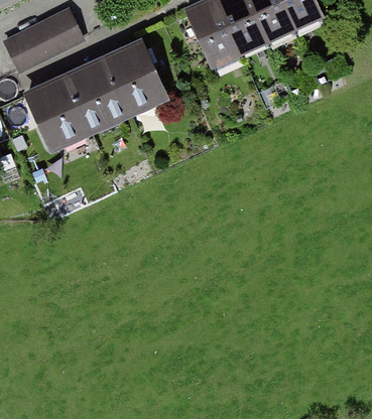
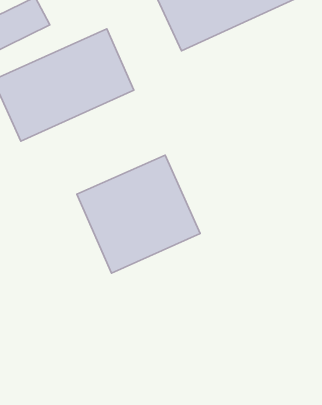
building: none -> [77,155,200,273]

